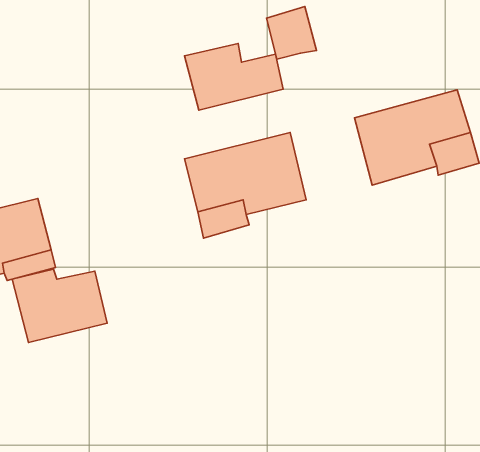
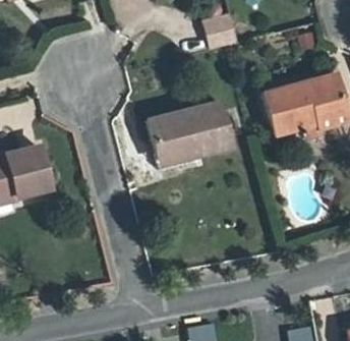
building: [185,44,283,110] -> none
building: [12,269,107,343] -> none

